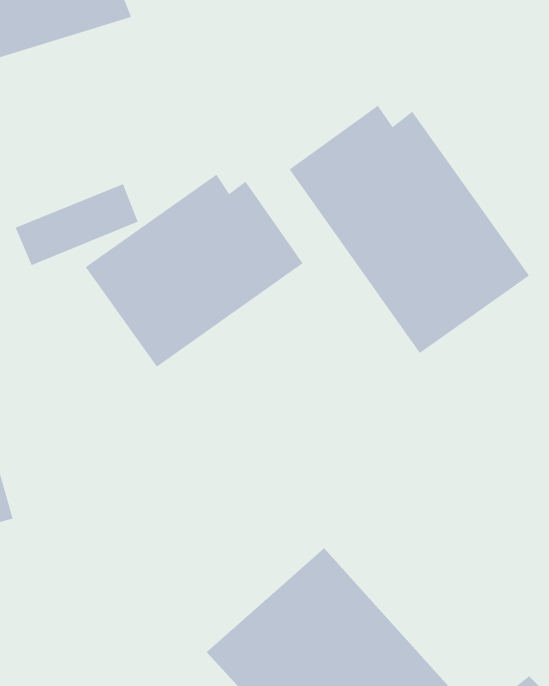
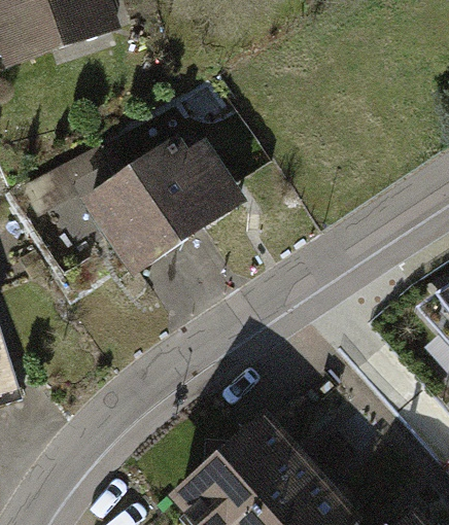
building: [289,105,530,354] -> none

